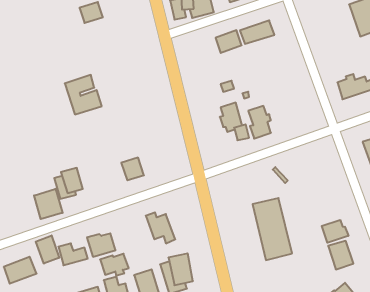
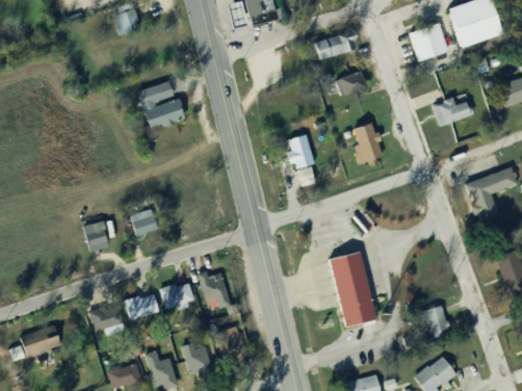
building: none -> [409,22,450,62]
building: [216,30,242,53] -> [336,70,368,98]
building: [65,75,102,114] -> [137,79,183,128]
building: [248,106,271,139] -> [354,122,382,162]
building: [121,158,144,180] -> [129,206,157,234]
building: [34,189,63,219] -> none
building: [322,220,348,243] -> none
building: [36,235,59,264] -> none
building: [100,254,129,276] -> [159,282,194,309]

